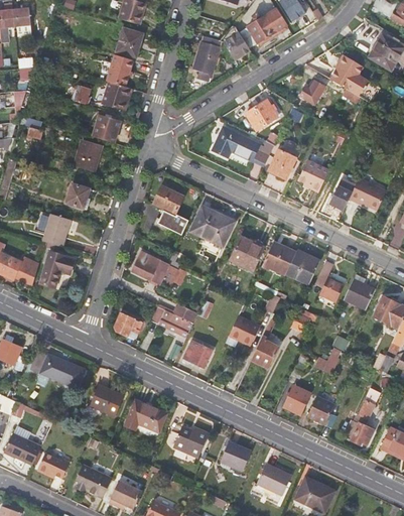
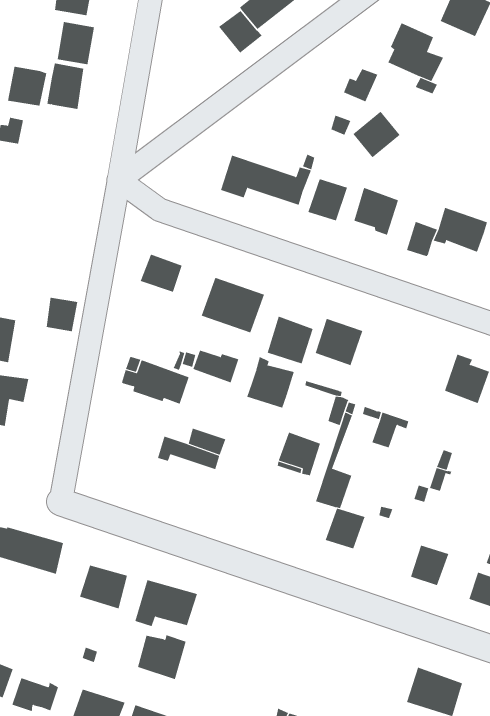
building: [193,36,221,79] -> none
building: [102,82,130,110] -> [7,66,47,106]
building: [246,100,277,130] -> [353,111,400,158]
building: [92,115,120,143] -> none
building: [74,141,101,171] -> none
building: [65,184,89,209] -> [46,297,78,332]
building: [156,211,187,235] -> [192,350,239,383]
building: [285,252,320,284] -> none
building: [314,261,344,301] -> none
building: none -> [246,356,294,409]
building: [114,313,142,339] -> none
building: [183,341,211,367] -> none
building: [283,386,311,414] -> [325,508,365,549]
building: [173,426,208,458] -> [137,635,187,680]
building: [220,441,250,471] -> none
building: [257,464,290,495] -> none

